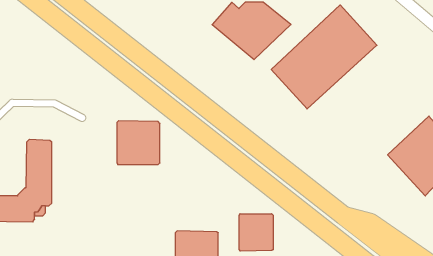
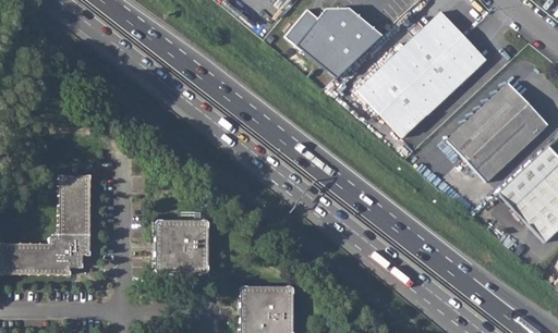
building: none -> [448,83,549,182]
building: [117,121,160,165] -> [156,219,208,272]
building: [239,214,273,251] -> none

